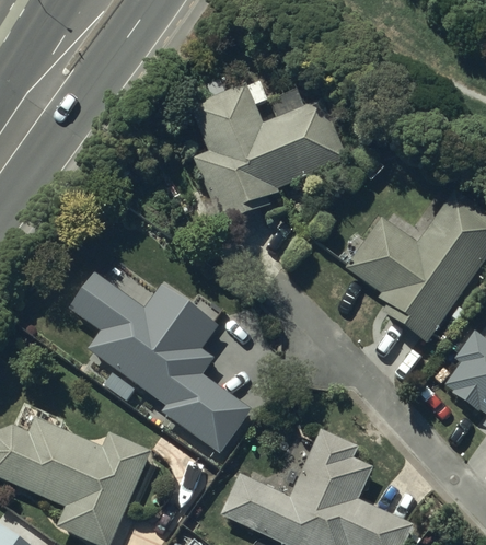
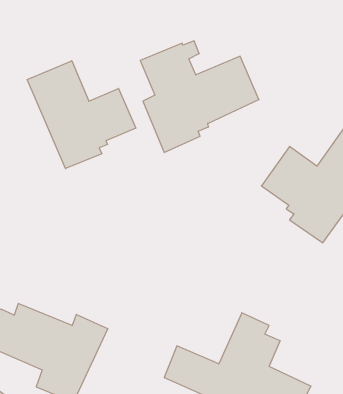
building: none -> [27,61,136,169]
building: [71,275,250,452] -> none

